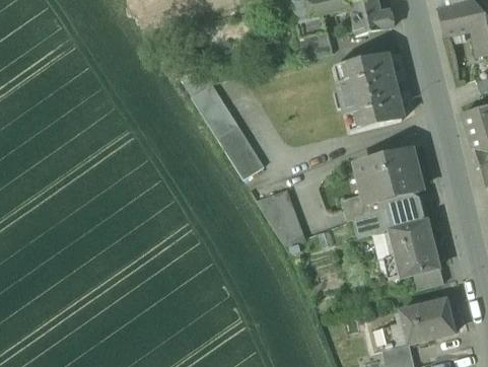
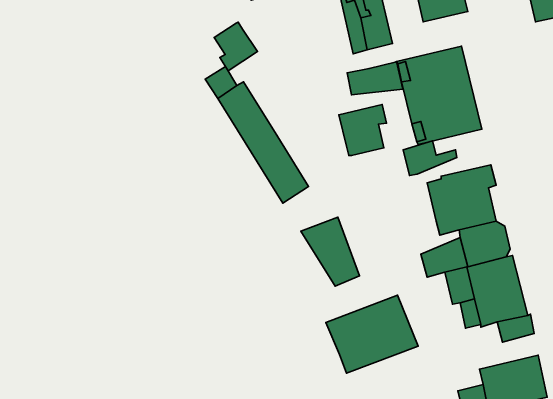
building: none -> [214,22,258,71]
building: none -> [347,61,403,95]
building: none -> [339,104,386,156]
building: [343,193,386,220] -> [403,141,457,175]
building: none -> [326,295,418,373]

